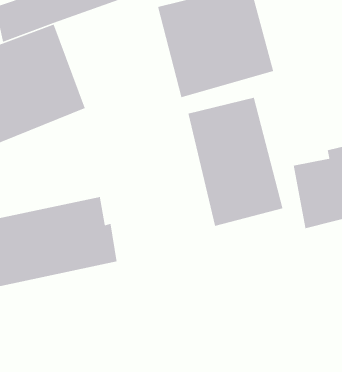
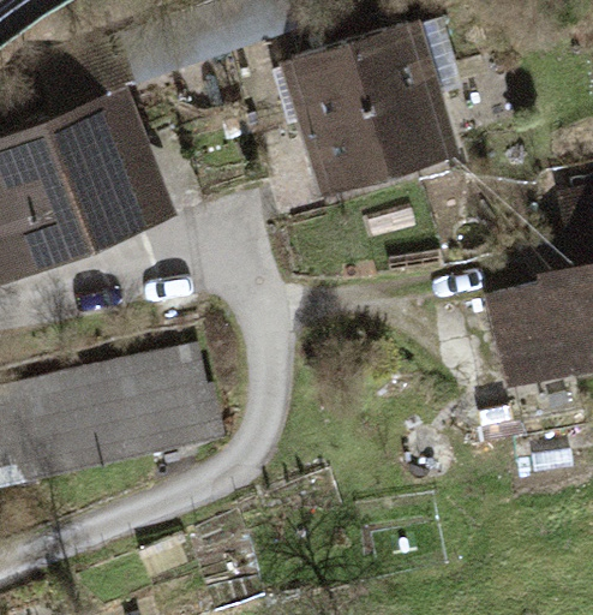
building: [187,97,284,227] -> none

